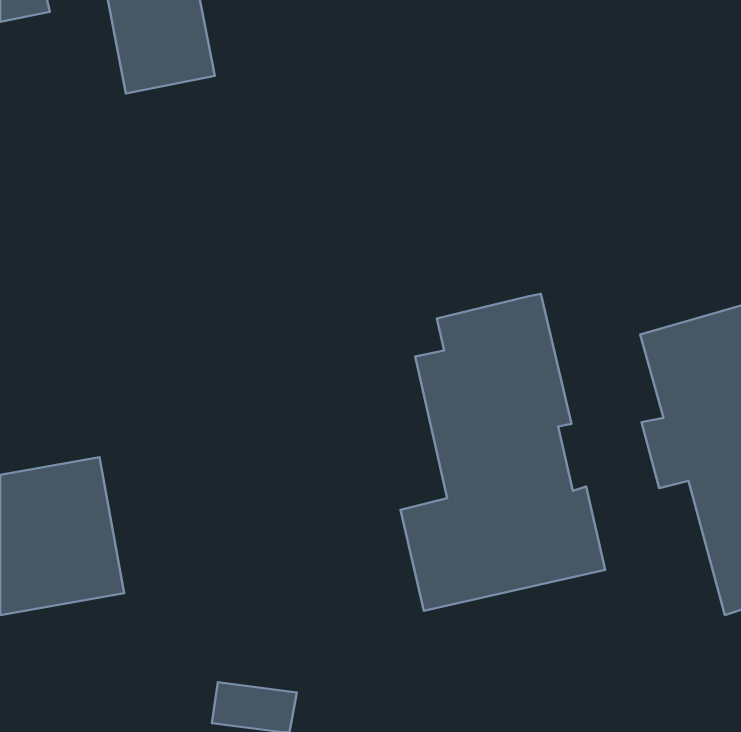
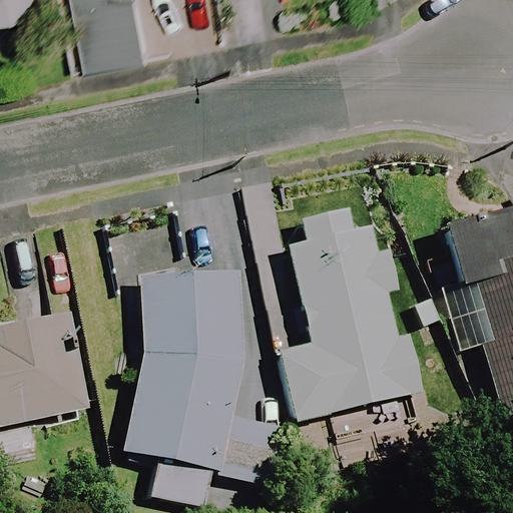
building: none -> [123,274,274,484]

